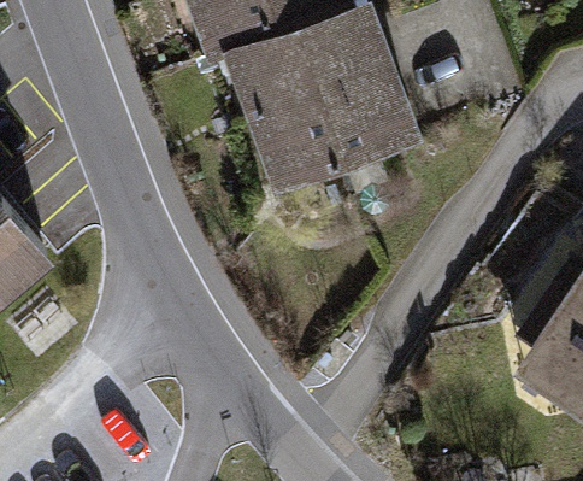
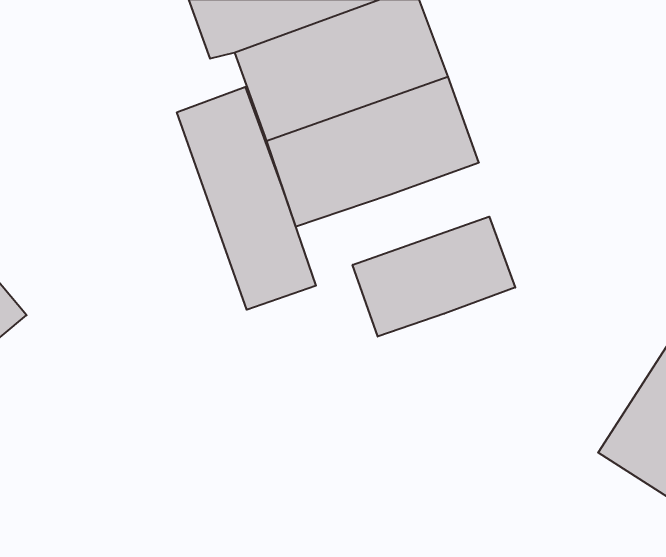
building: none -> [177,87,316,310]
building: none -> [353,217,515,337]

